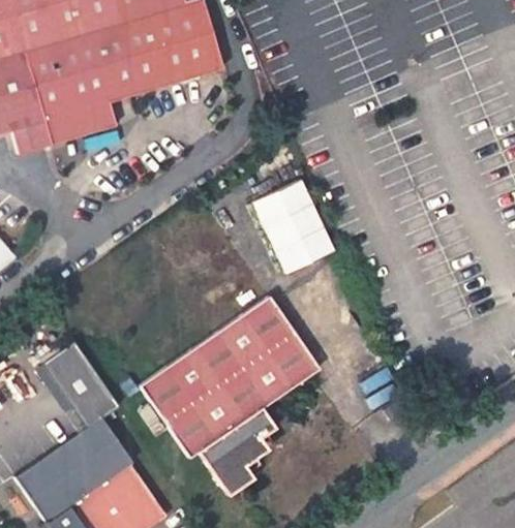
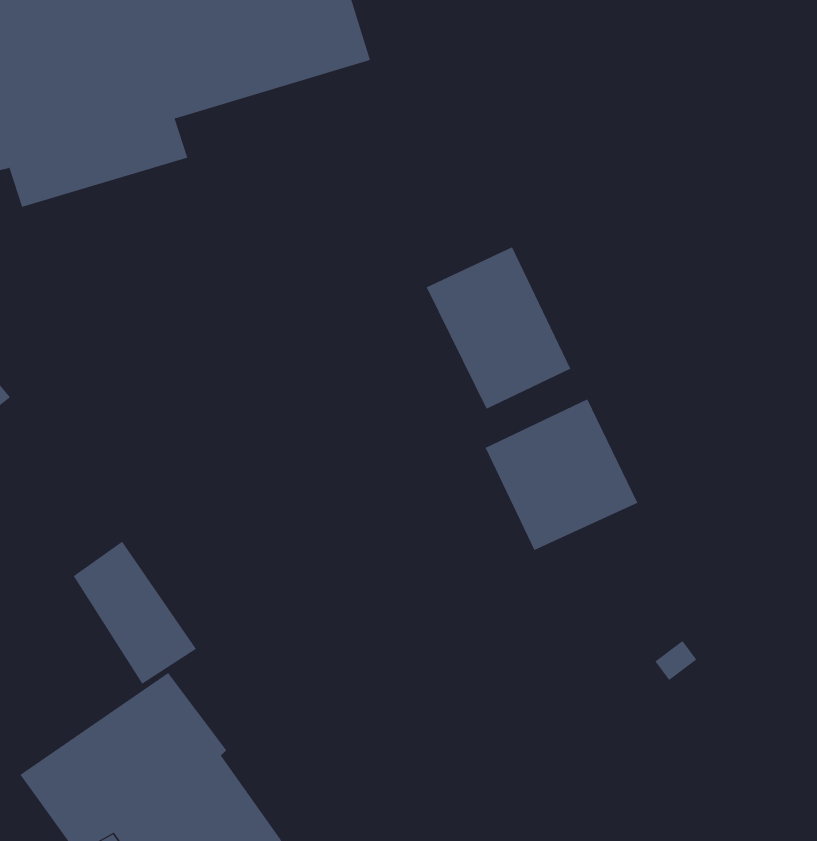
building: none -> [485,398,638,551]
building: [139,299,321,502] -> none

